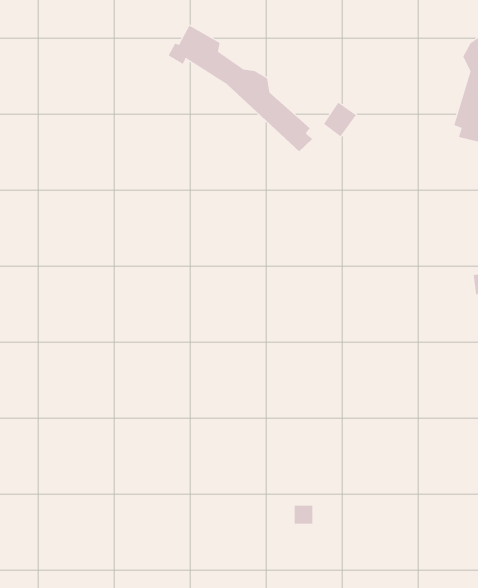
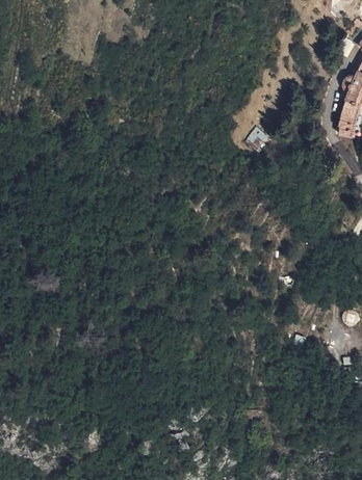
building: [168,25,313,152] -> none

